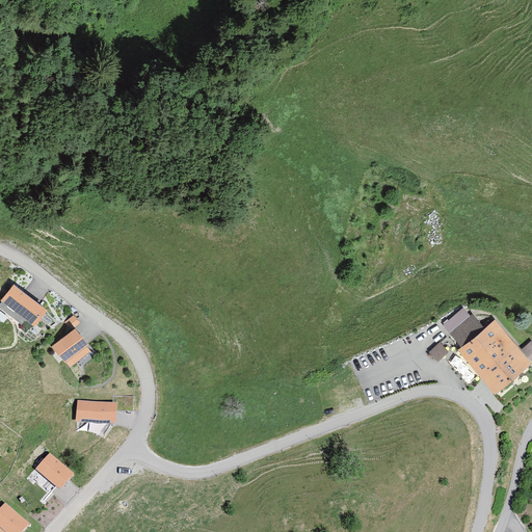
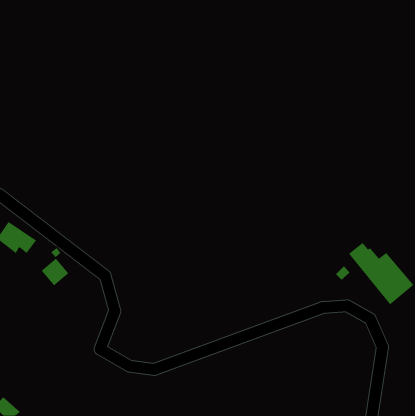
building: [77,399,129,426] -> none
building: [36,456,73,493] -> none

